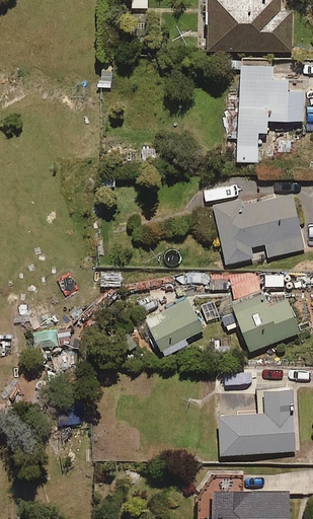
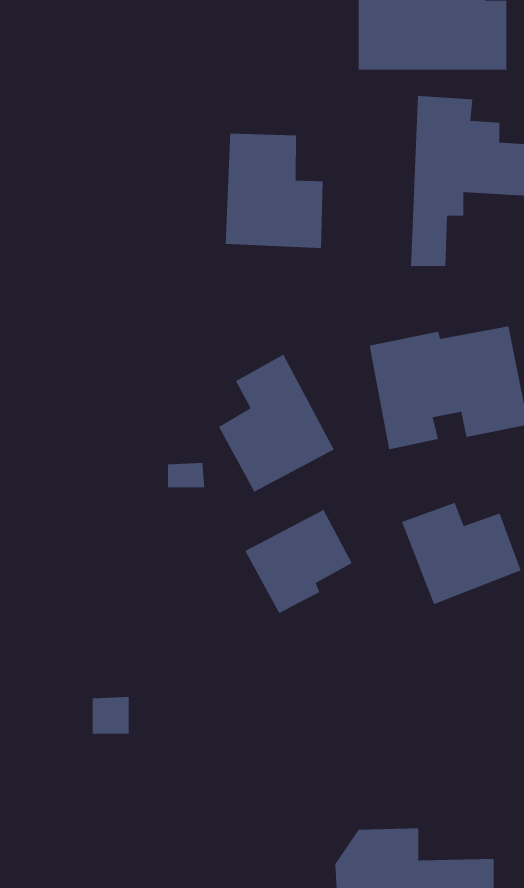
building: none -> [225,133,323,249]
building: none -> [218,354,334,493]
building: [220,390,296,455] -> none

